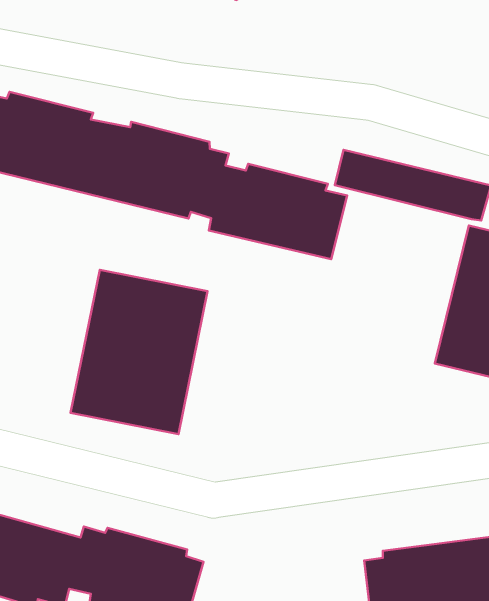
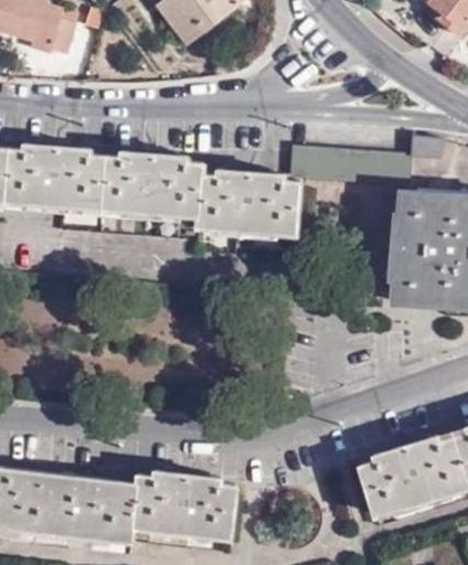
building: [71,270,207,434] -> none

